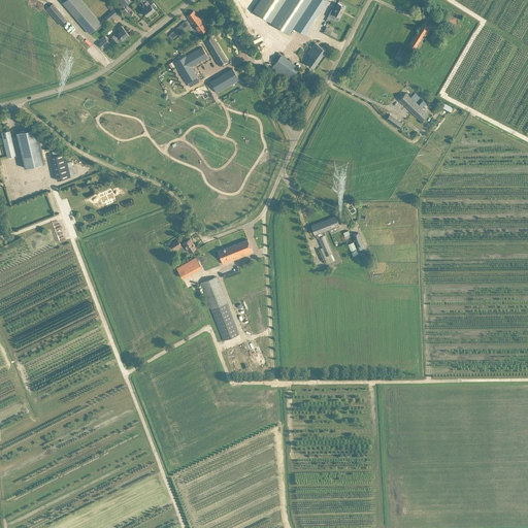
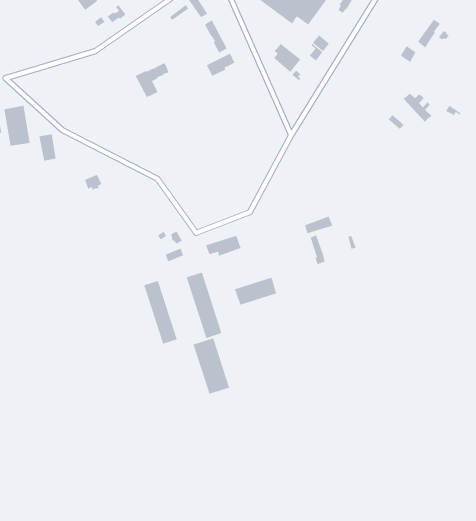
building: [173,46,206,82] -> [135,61,169,98]
building: none -> [234,277,277,306]
building: none -> [143,280,178,344]
building: none -> [193,337,230,395]

